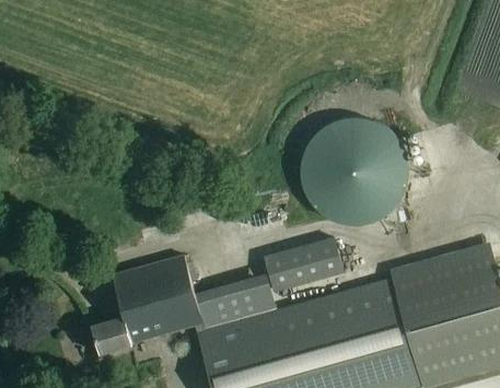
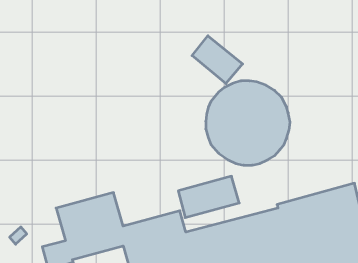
building: none -> [192,36,243,84]

